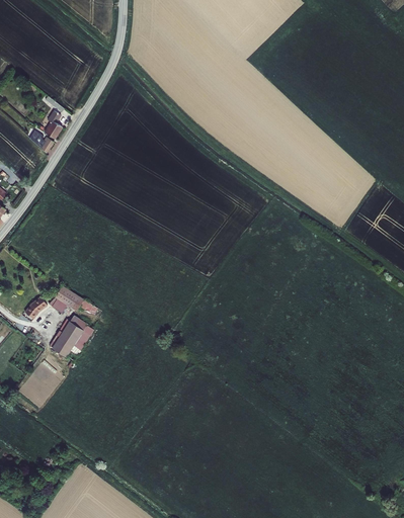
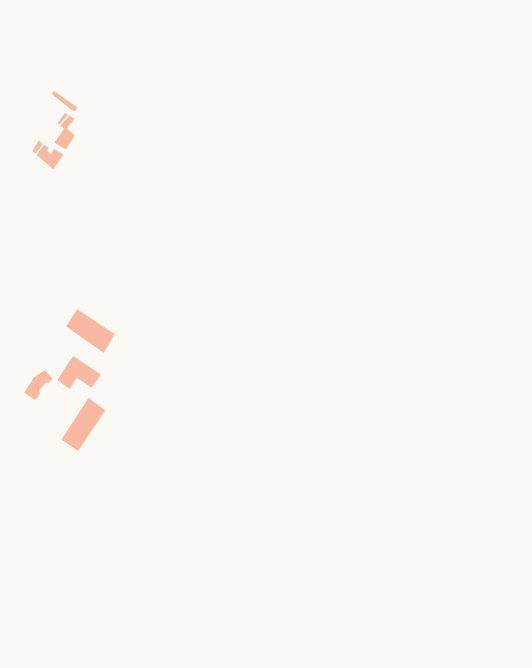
building: none -> [65,308,116,354]

